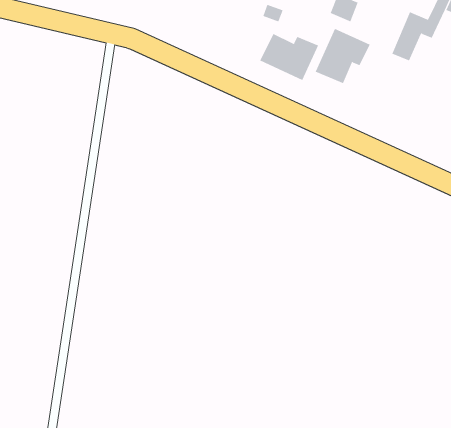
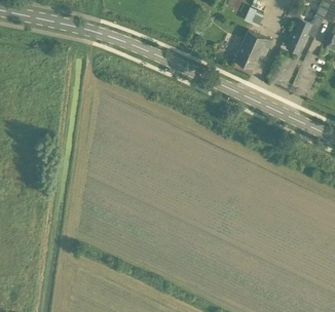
building: [260,33,319,81] -> none

